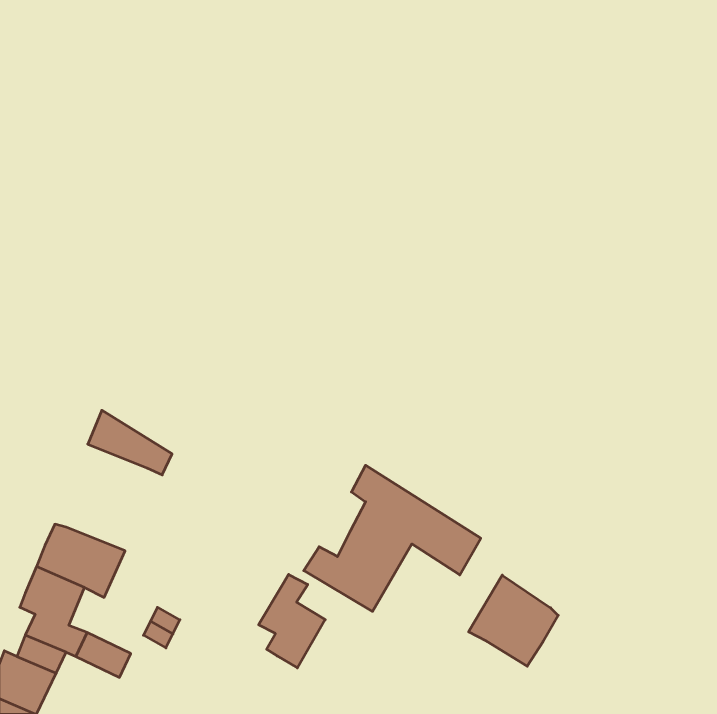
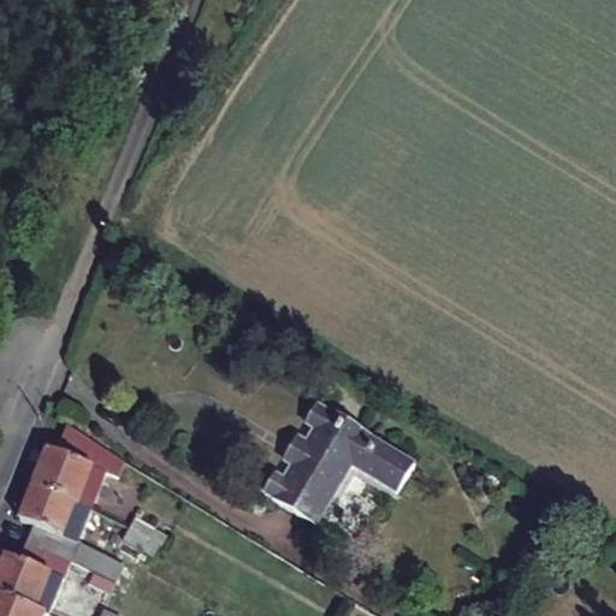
building: [88,410,172,475] -> [57,422,129,478]
building: [259,574,325,668] -> none
building: [469,575,558,666] -> none

